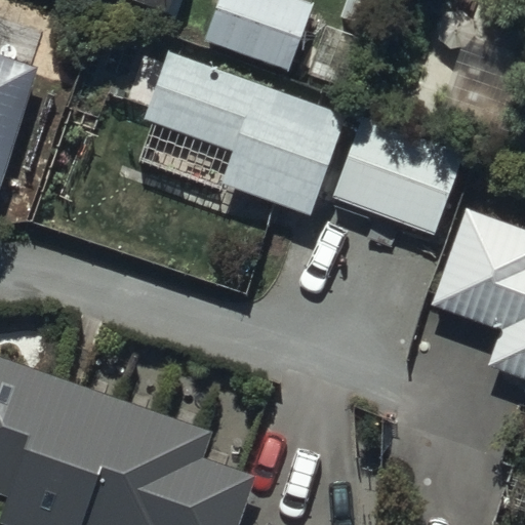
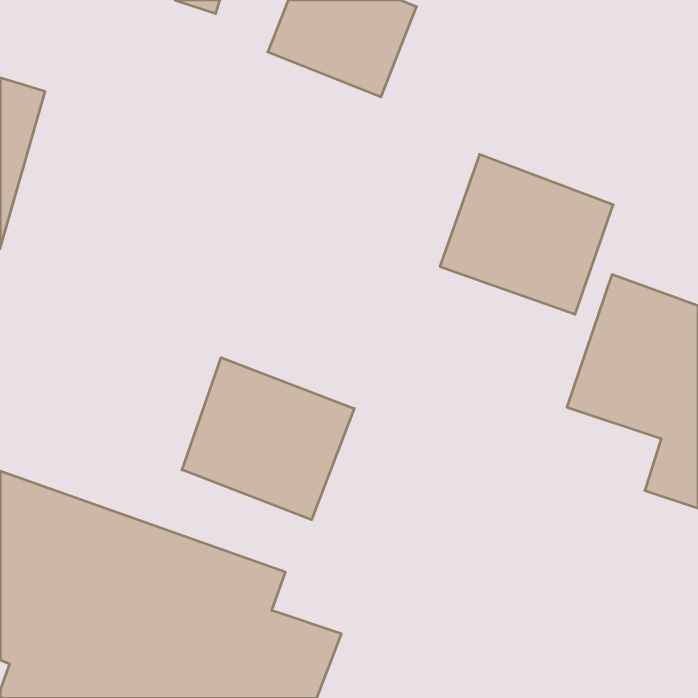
building: [126,50,341,216] -> none
building: none -> [182,358,354,520]

